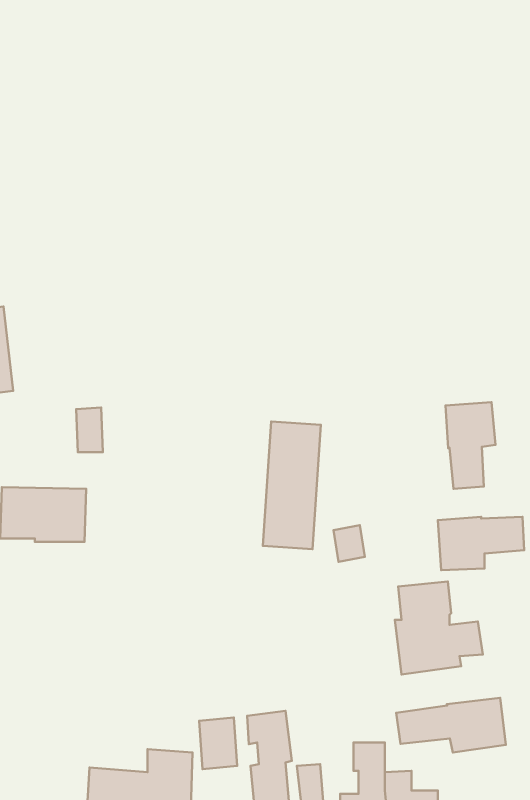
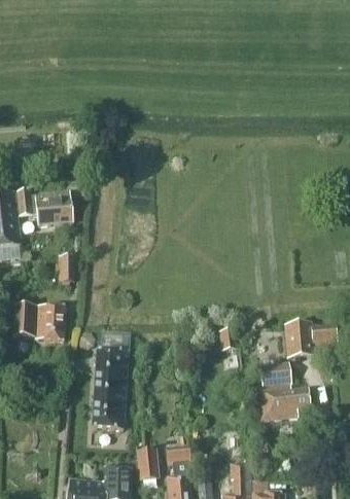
building: none -> [16,189,73,224]
building: [446,402,496,489] -> none
building: [263,422,321,549] -> [92,350,128,429]
building: [396,698,506,752] -> none

